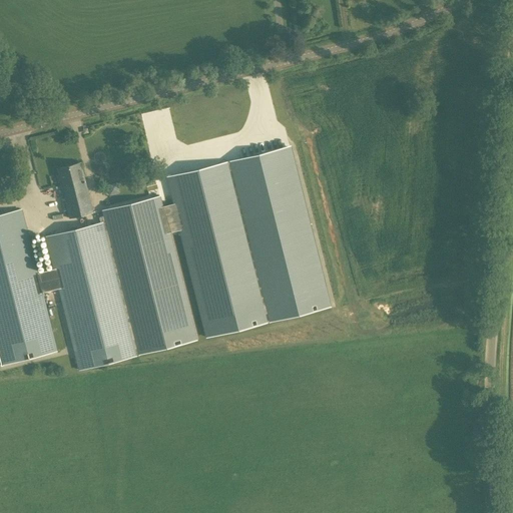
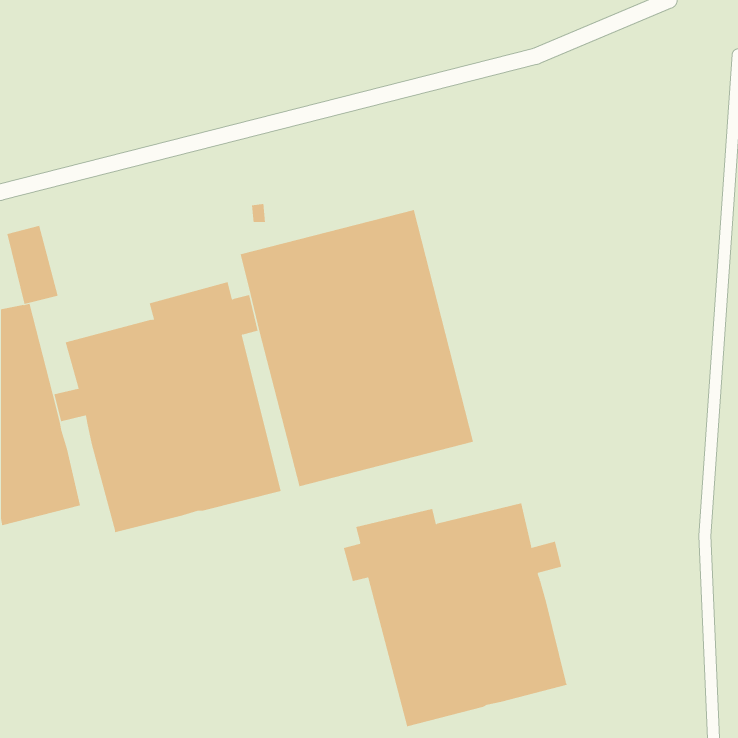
building: [57,163,93,218] -> [7,225,59,305]
building: none -> [343,502,568,727]

